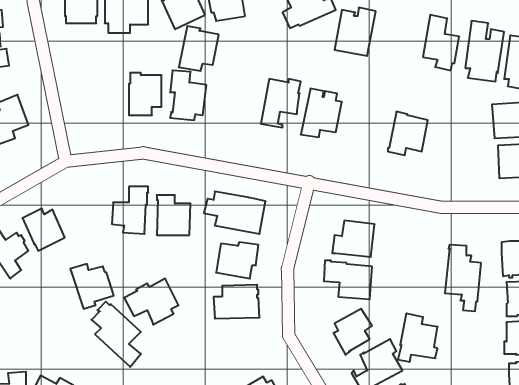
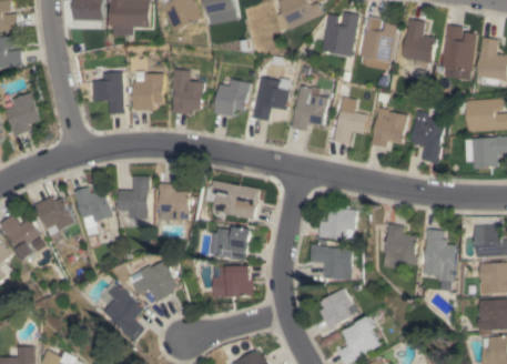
building: none -> [361,17,398,70]
building: [179,26,219,71] -> [213,75,250,117]
building: none -> [92,72,124,114]
building: none -> [333,111,367,145]
building: none -> [409,111,445,164]
building: [70,264,114,309] -> [73,188,113,229]
building: [398,313,438,362] -> [382,224,418,269]

